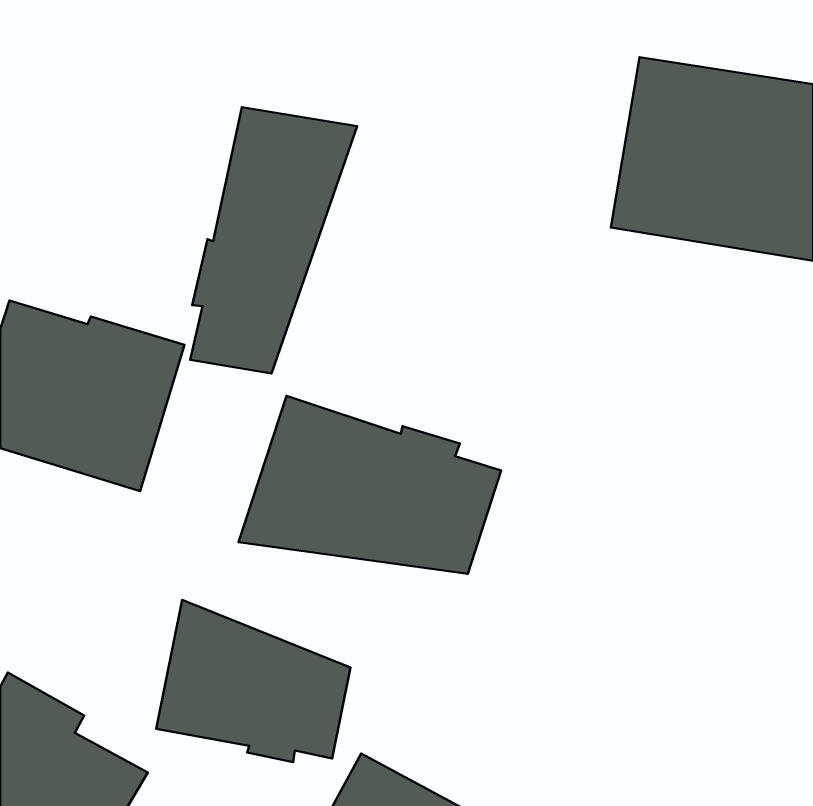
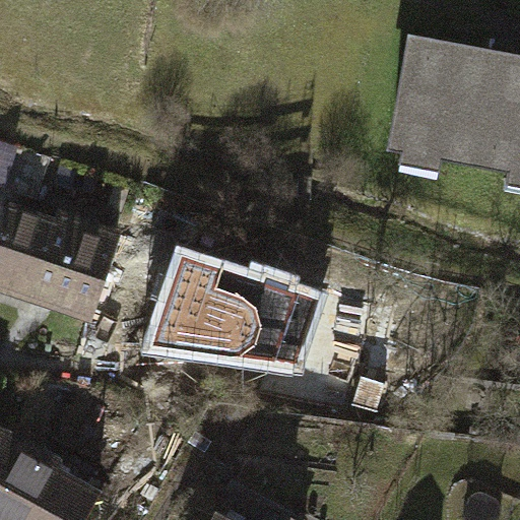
building: [190,107,357,374] -> none
building: [156,600,351,762] -> none

